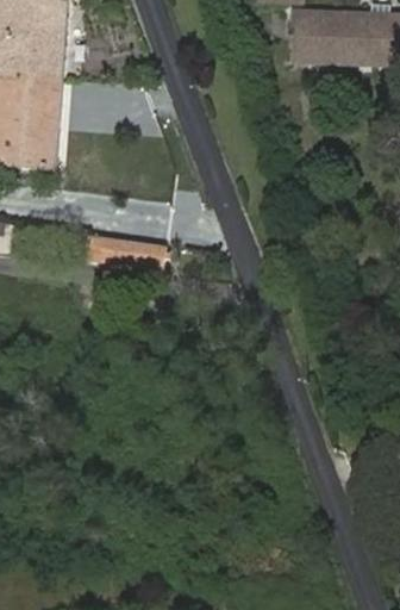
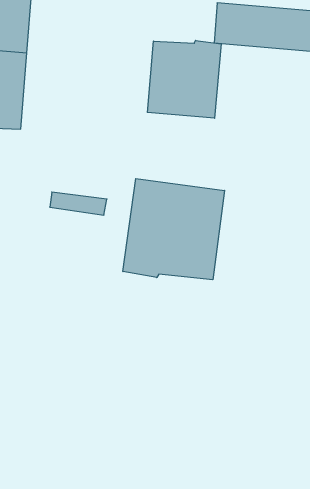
building: none -> [147,40,221,118]
building: none -> [123,179,225,280]

